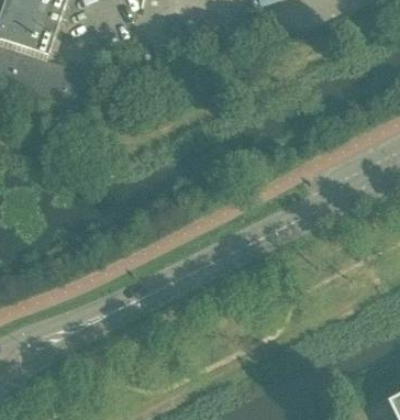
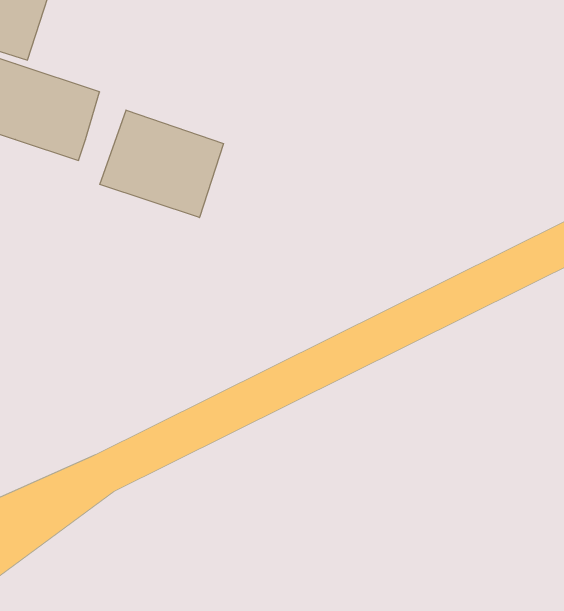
building: none -> [100,110,224,218]

